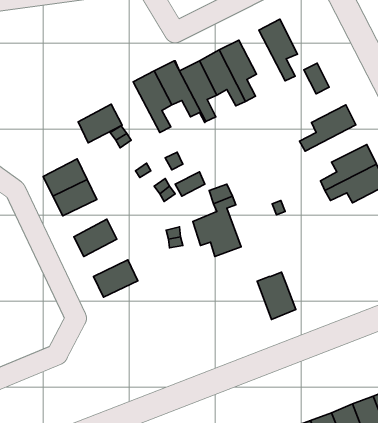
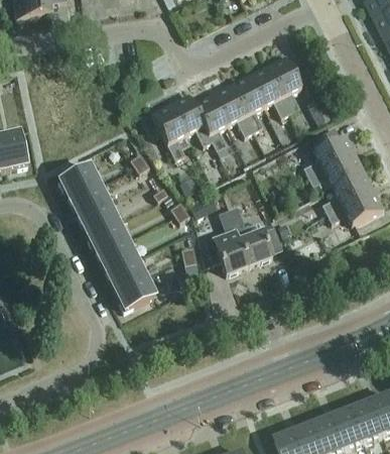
building: none -> [248,66,290,117]
building: [78,104,122,143] -> [59,164,100,200]
building: none -> [308,152,365,187]
building: none -> [87,221,127,255]
building: none -> [106,257,146,292]
building: [257,272,296,319] -> [237,221,272,264]

